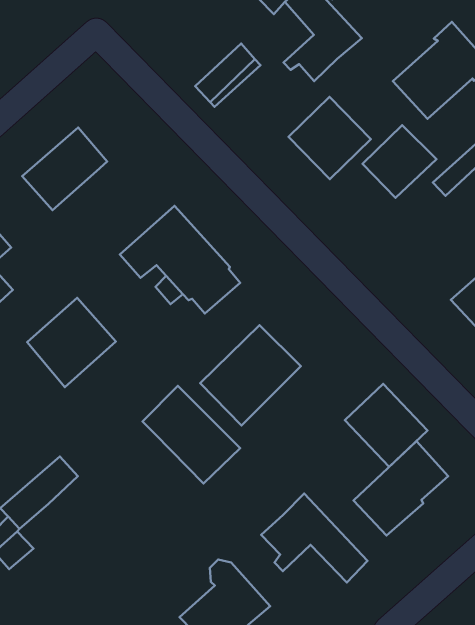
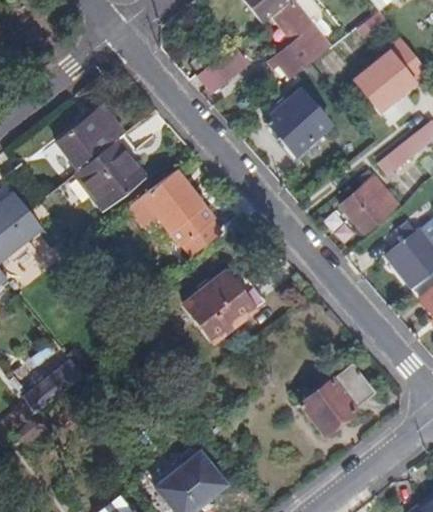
building: [362,125,437,198] -> [339,178,397,234]
building: [27,298,116,387] -> [74,138,143,207]
building: [345,384,427,467] -> none
building: [143,386,240,484] -> none
building: [261,494,368,582] -> none

